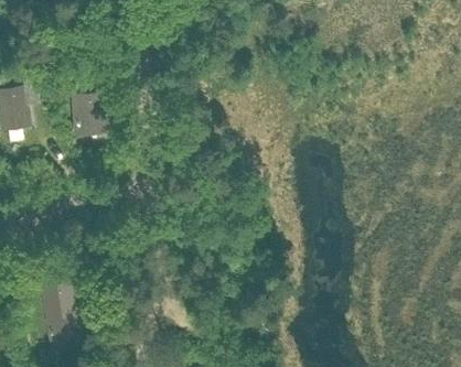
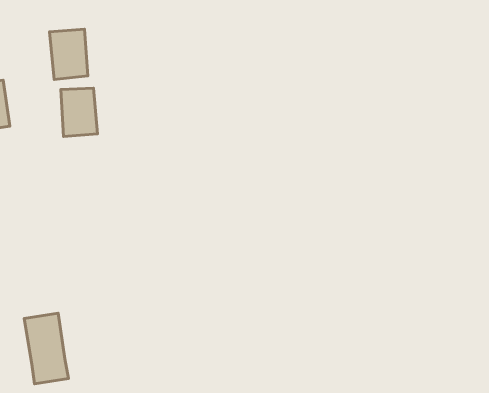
building: none -> [49,29,88,80]

